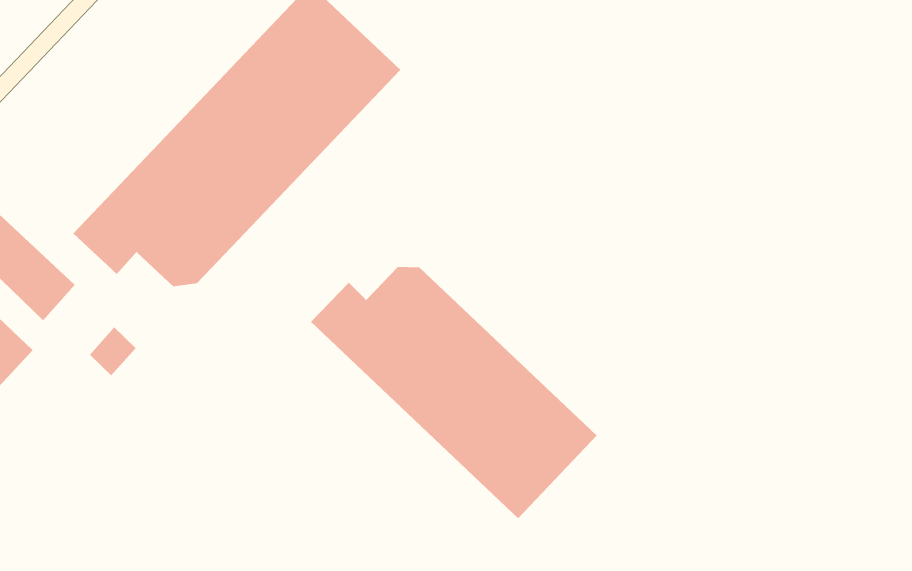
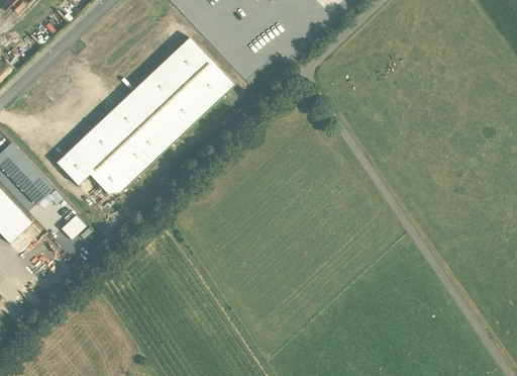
building: [310,266,598,519] -> none

